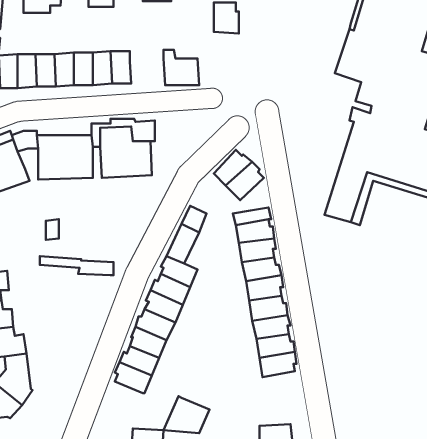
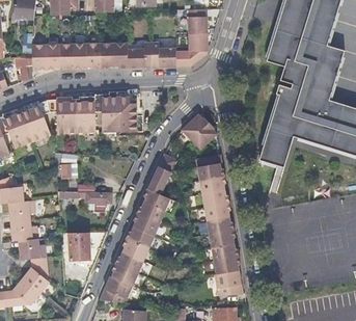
building: none -> [170,35,200,68]
building: none -> [122,43,147,69]
building: none -> [71,231,91,258]
building: none -> [215,269,243,295]
building: [164,396,209,433] -> [100,275,132,301]

